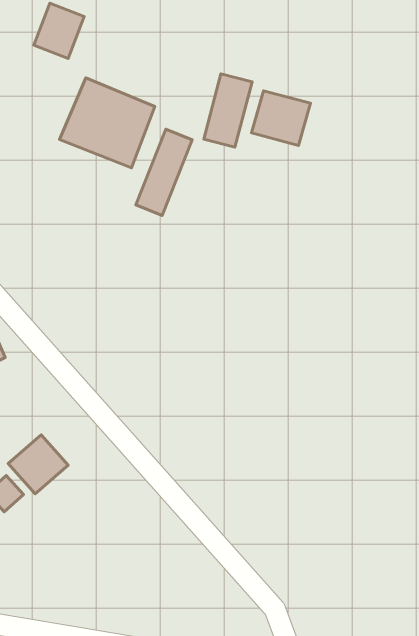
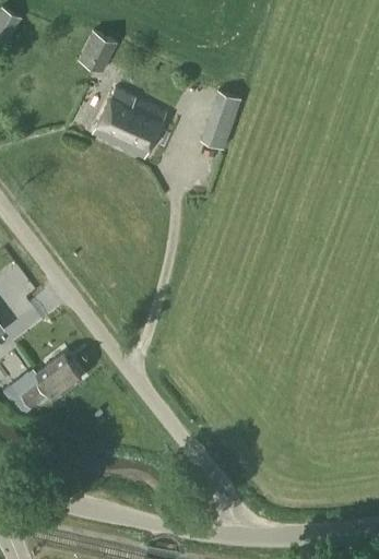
building: [252,91,310,145] -> none
building: [136,129,192,216] -> none

